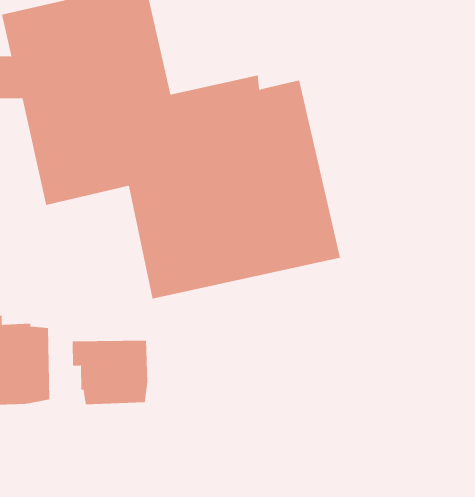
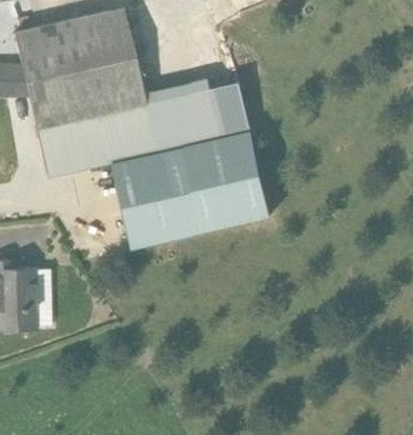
building: [72,340,148,405] -> none

